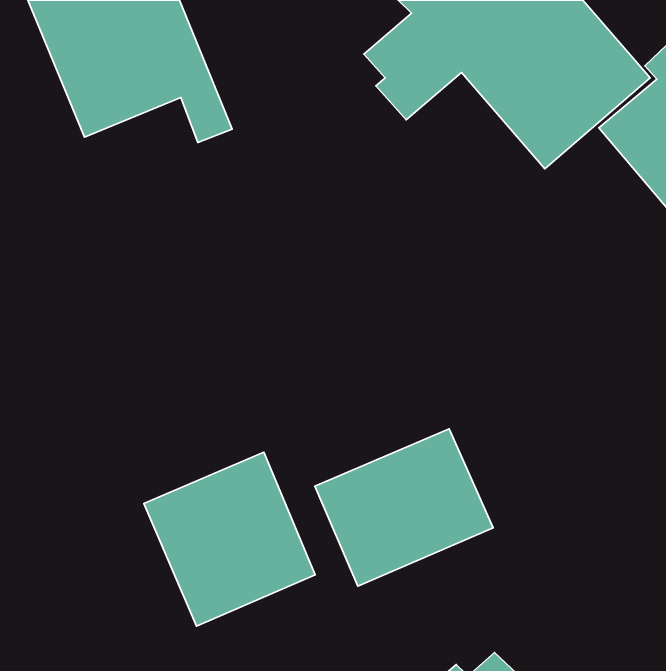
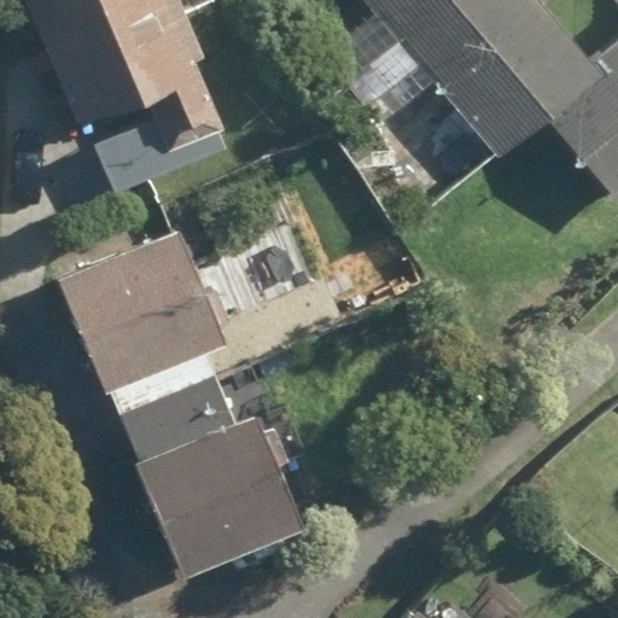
building: none -> [57,231,221,391]
building: [315,429,493,586] -> none

